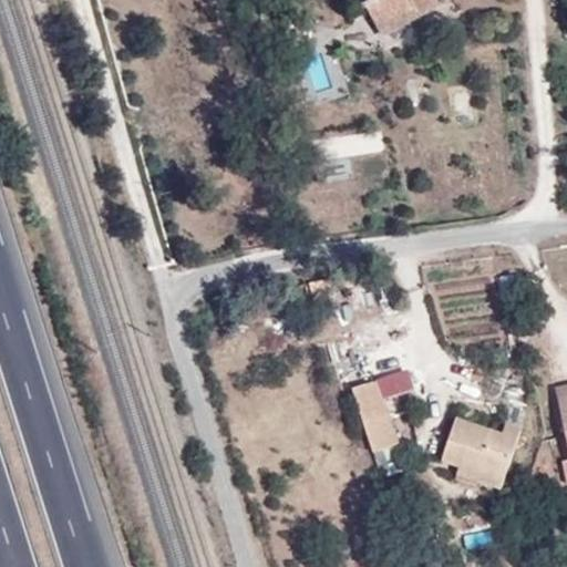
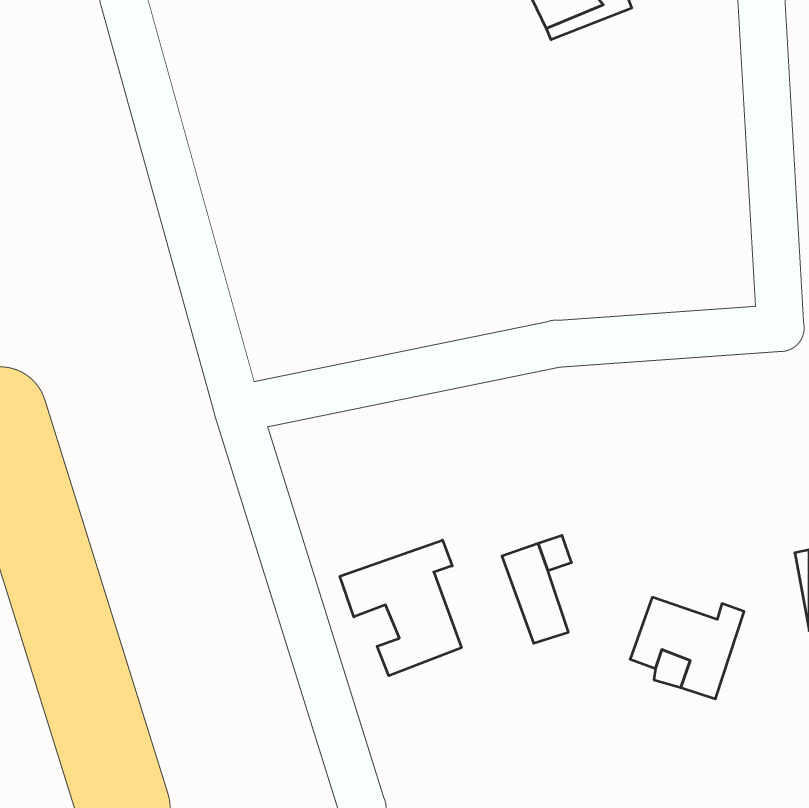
building: none -> [340,540,461,676]

